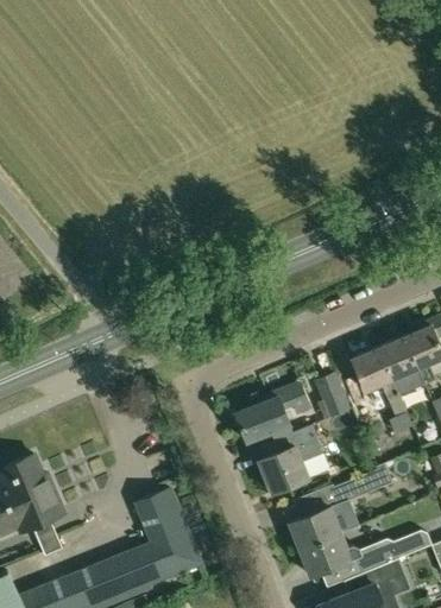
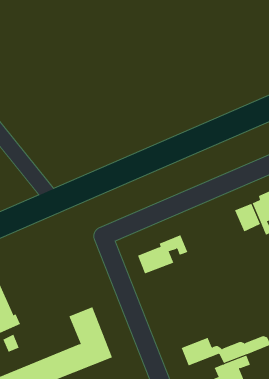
building: [352,347,415,442] -> none
building: [314,372,349,418] -> none
building: [259,425,323,493] -> none
building: [289,466,392,549] -> none

